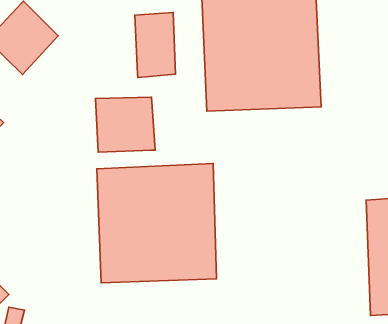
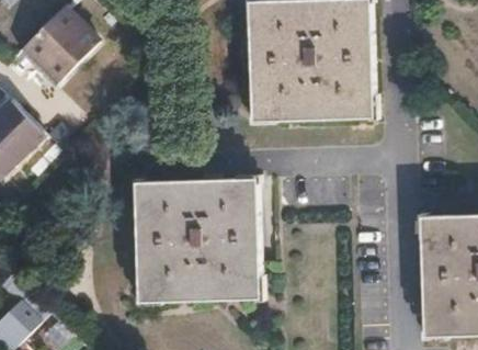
building: [135,12,175,77] -> none
building: [96,97,155,152] -> none

